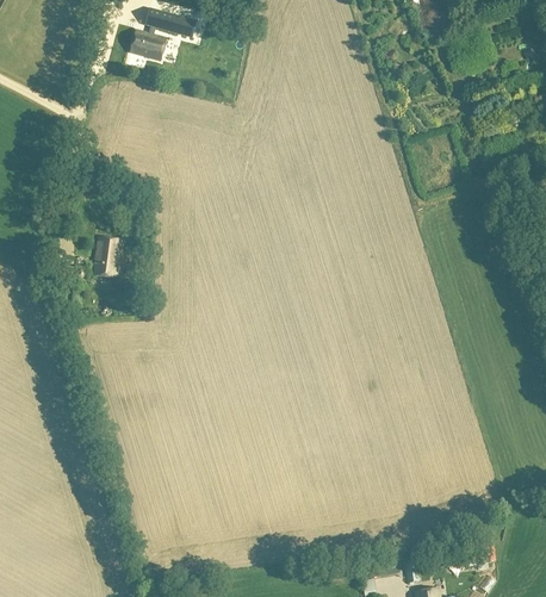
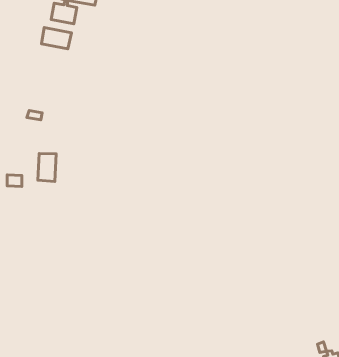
building: none -> [41,28,71,49]

